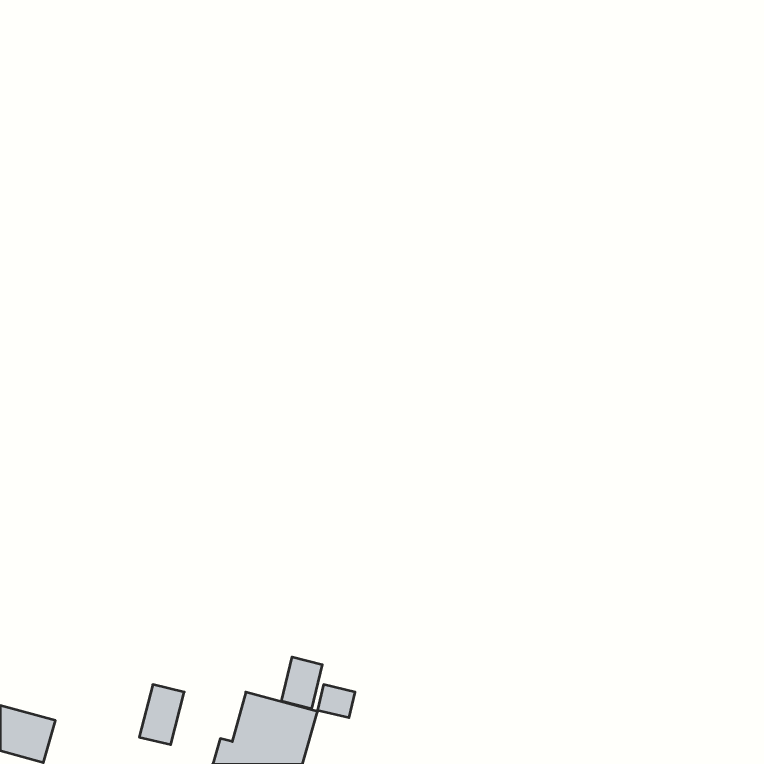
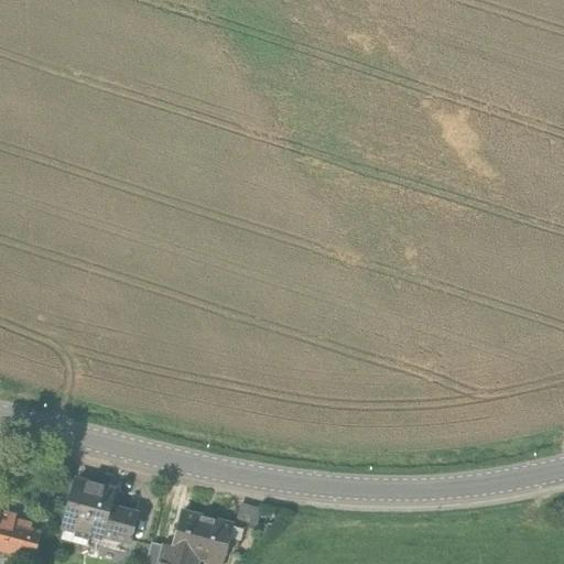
building: [281,657,322,709] -> none
building: none -> [59,488,115,542]

